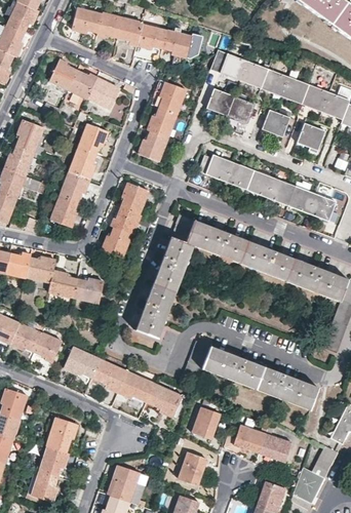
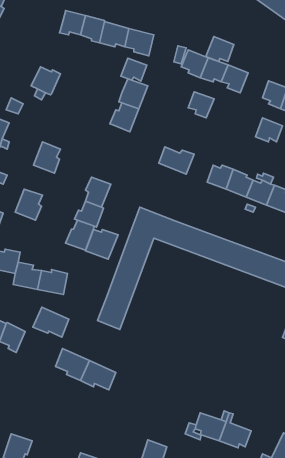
building: [72,7,102,33] -> none
building: [48,58,76,89] -> none
building: [280,76,309,102] -> [206,36,234,61]
building: [87,79,120,109] -> none
building: [206,88,233,112] -> [121,58,147,81]
building: [262,109,289,136] -> none
building: [78,122,109,154] -> none
building: [138,129,167,161] -> none
building: [225,159,252,188] -> none
building: [60,170,90,201] -> none
building: none -> [86,229,118,259]
building: [183,339,318,409] -> none
building: [62,346,99,377] -> [33,307,69,337]
building: [146,383,185,417] -> none
building: [191,407,219,438] -> none
building: [45,416,77,451] -> none

